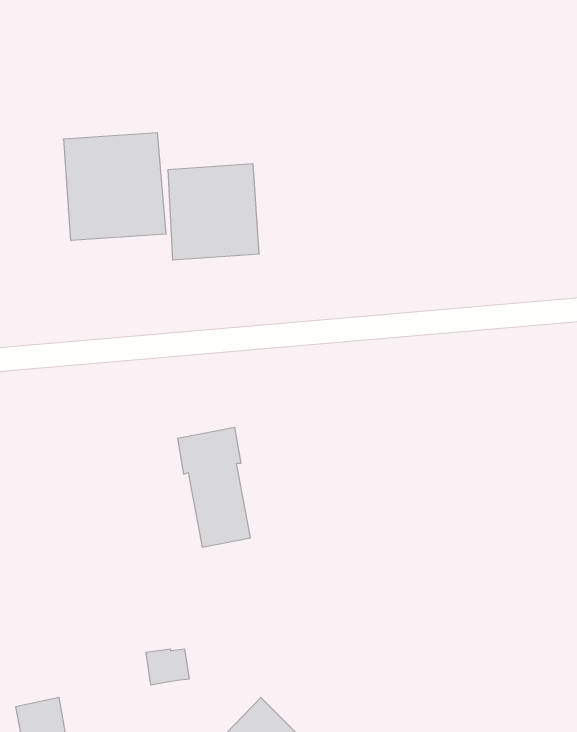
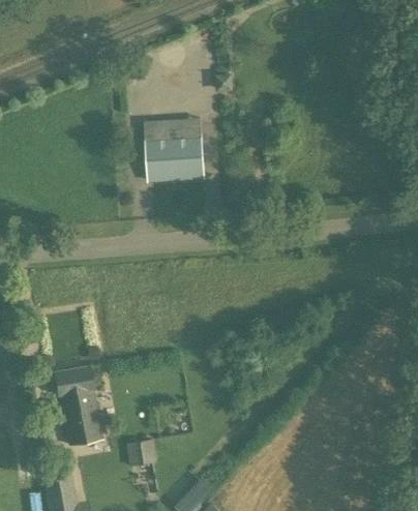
building: [64,133,166,241] -> none
building: [177,428,250,547] -> [52,366,100,446]

